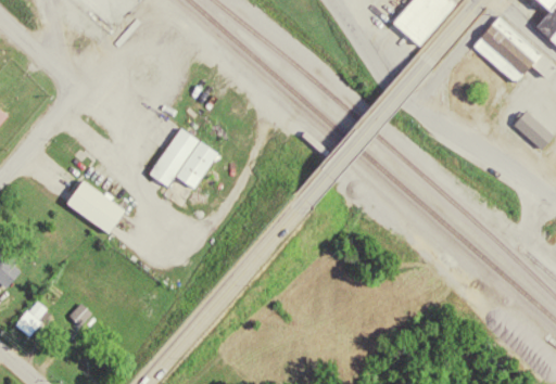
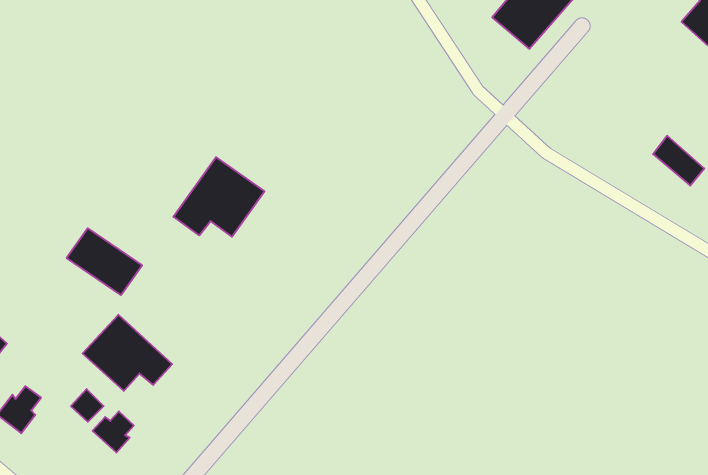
building: [471,17,539,84] -> none
building: none -> [83,315,172,391]
building: none -> [93,411,134,453]

